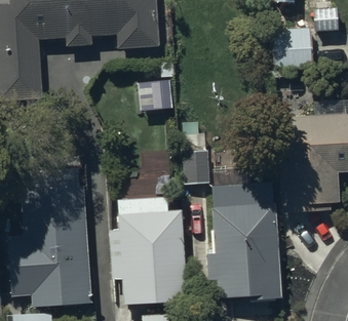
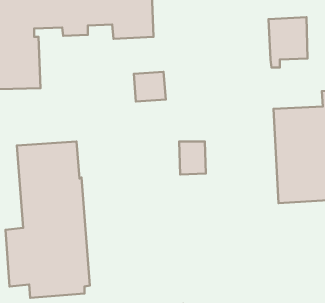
building: [204,183,278,297] -> none
building: [108,197,186,305] -> none

